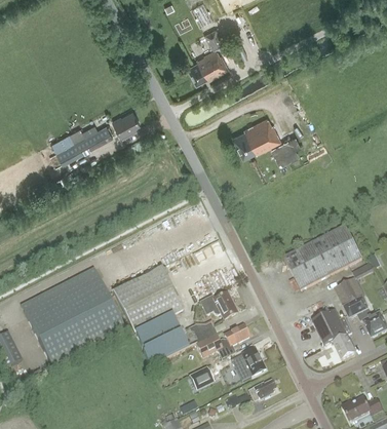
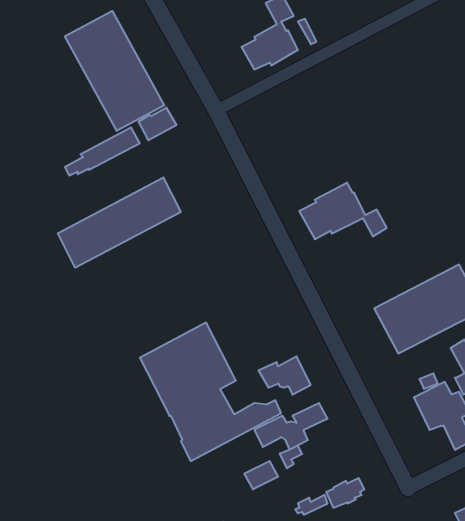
building: none -> [65,11,164,131]
building: [232,116,296,157] -> [299,183,387,239]
building: none -> [58,177,181,268]
building: [21,268,123,364] -> none
building: [233,348,266,379] -> none

